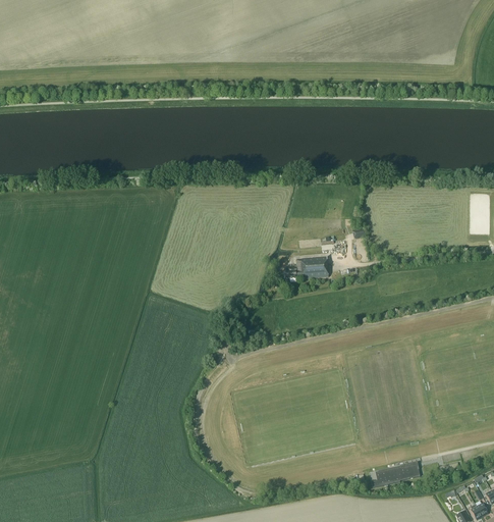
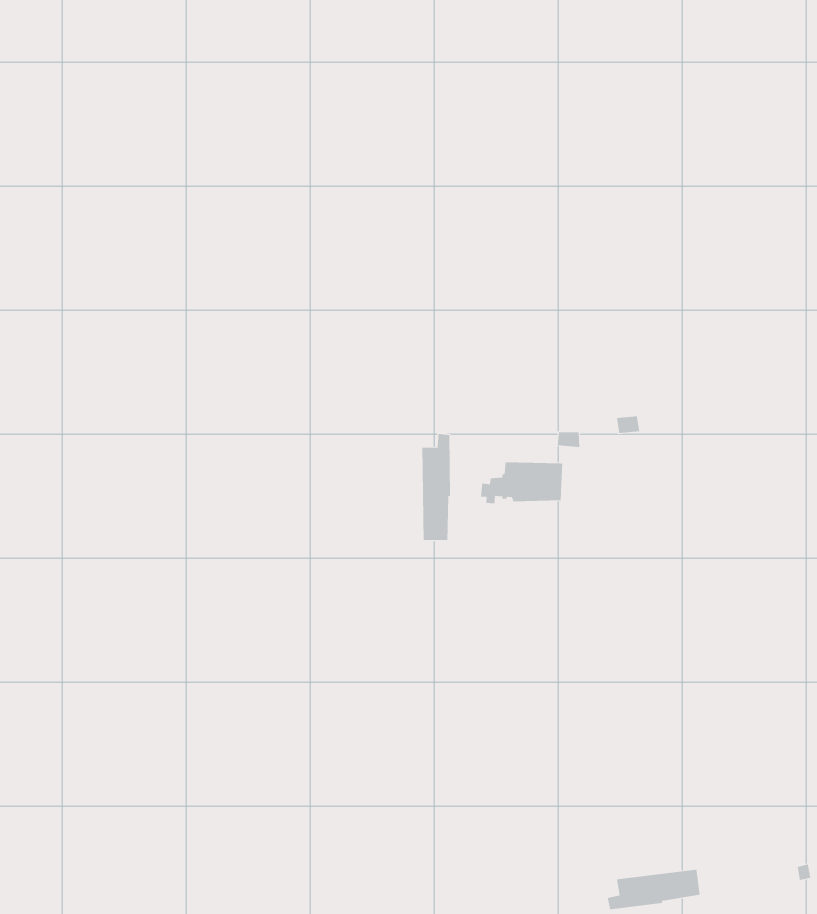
building: none -> [422,433,450,541]

